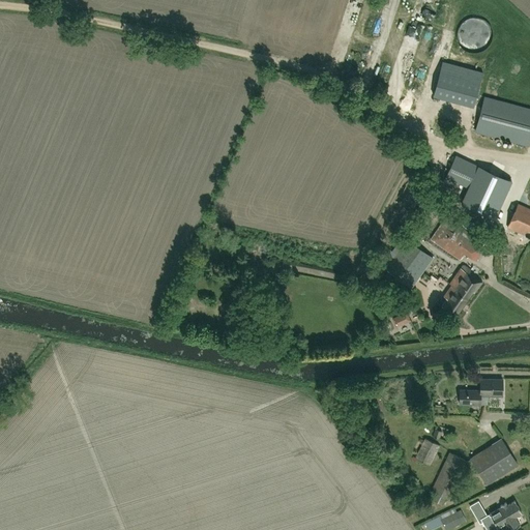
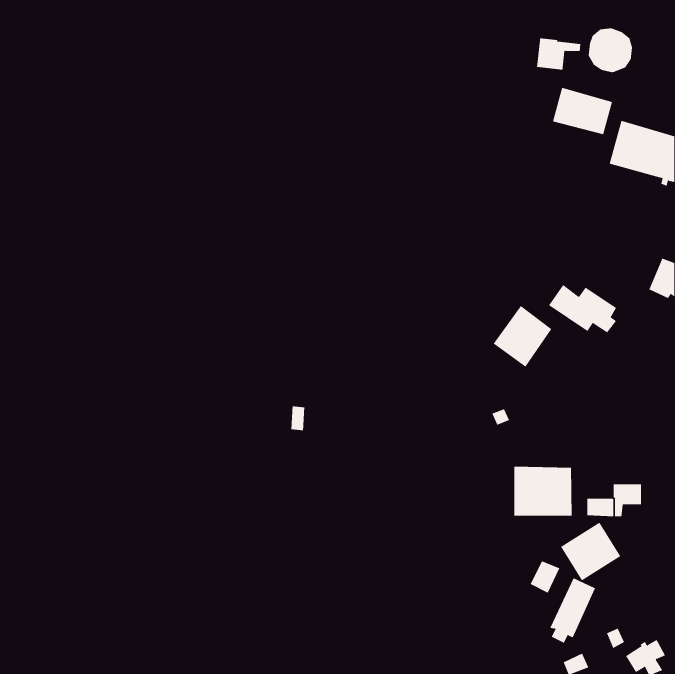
building: none -> [536,38,581,70]
building: [444,154,512,219] -> none
building: [442,266,481,317] -> none
building: none -> [514,466,572,517]
building: [470,439,518,485] -> [560,522,621,581]

